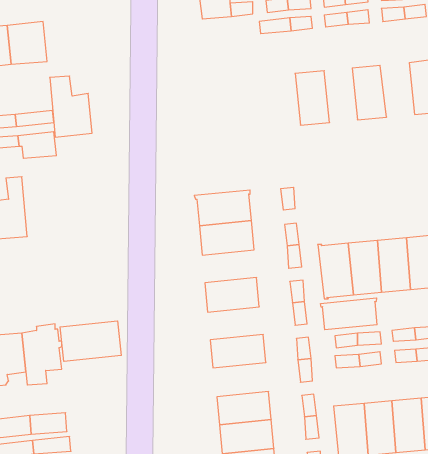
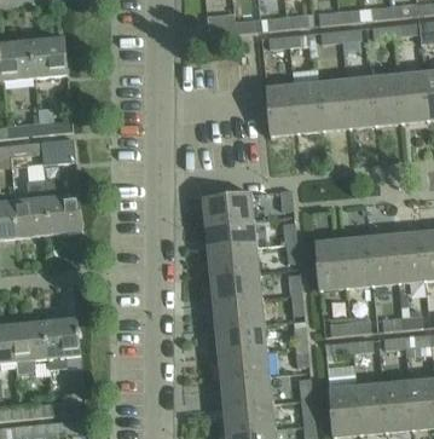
building: none -> [370,75,401,125]
building: none -> [319,80,349,129]
building: none -> [265,85,297,137]
building: [50,76,92,137] -> [44,178,82,233]
building: none -> [208,246,257,276]
building: [321,298,377,330] -> none
building: none -> [213,298,264,328]
building: [60,321,121,361] -> none
building: none -> [218,348,268,380]

